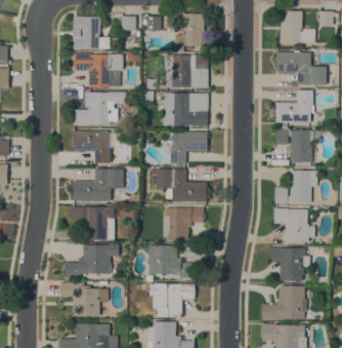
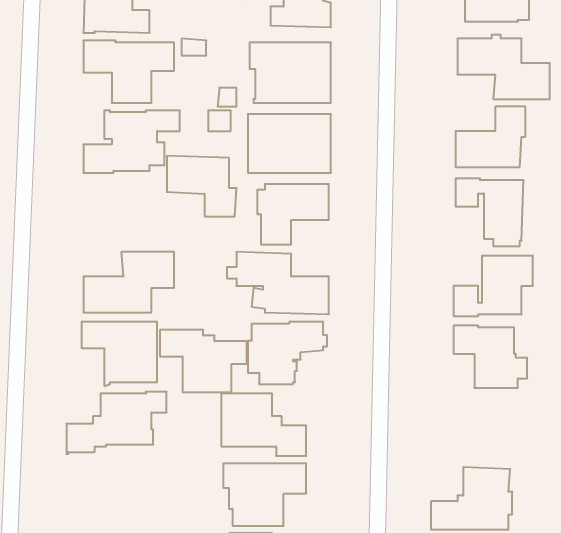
building: [75,130,113,163] -> [167,156,237,216]
building: [270,246,311,282] -> none
building: [61,282,109,316] -> [160,330,247,392]

